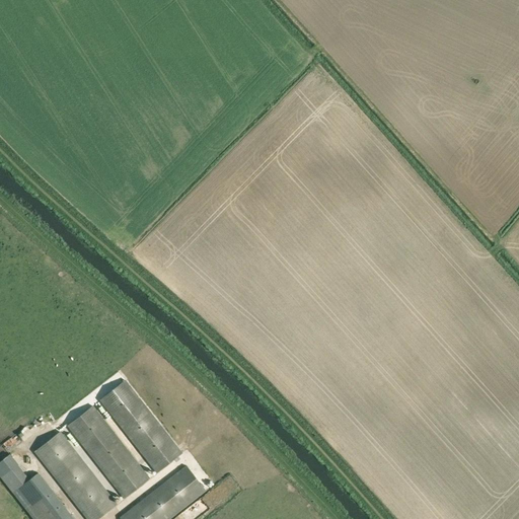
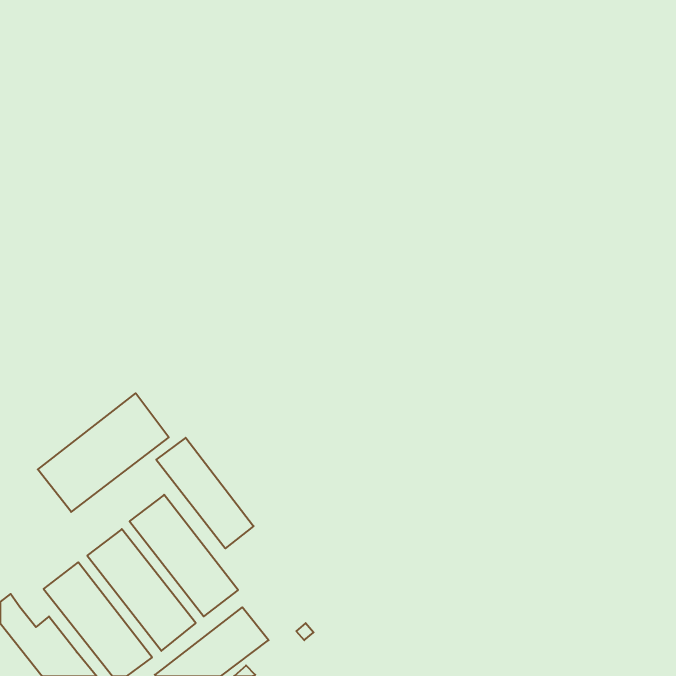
building: none -> [38,393,169,512]
building: none -> [156,438,254,548]

